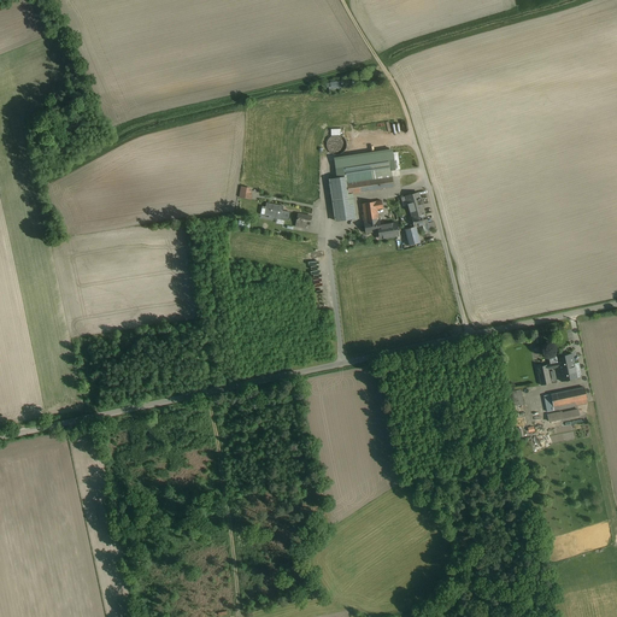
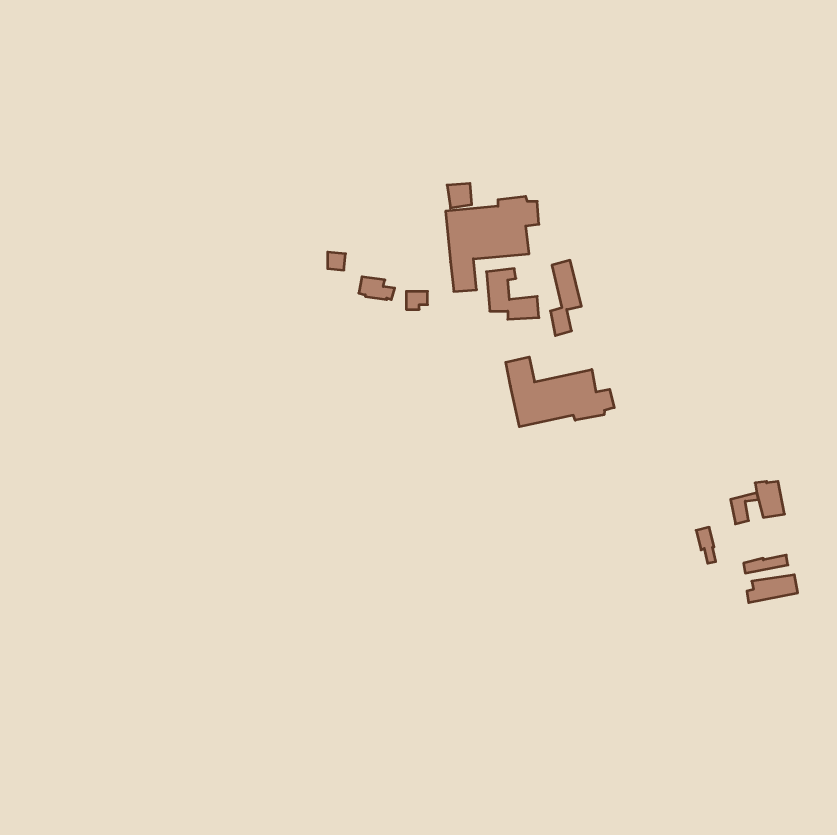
building: none -> [506,357,614,427]
building: [542,388,588,413] -> none

